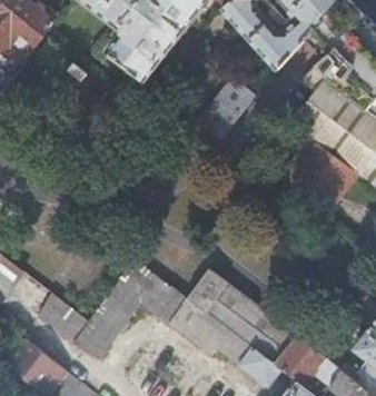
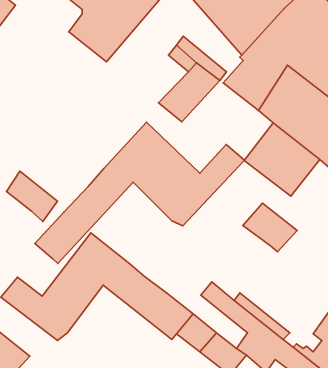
building: none -> [35,122,244,264]
building: none -> [6,171,57,221]
building: none -> [243,203,297,252]
building: [181,265,227,310] -> none

